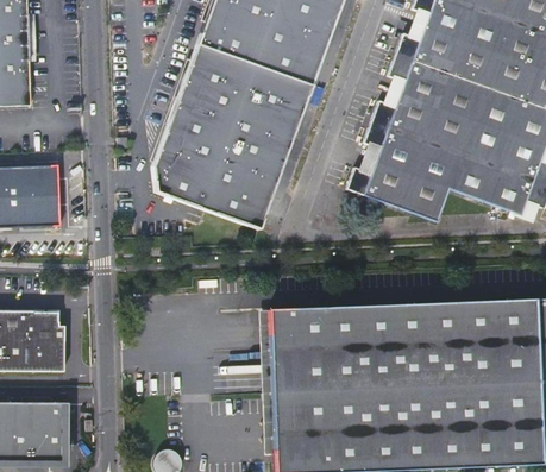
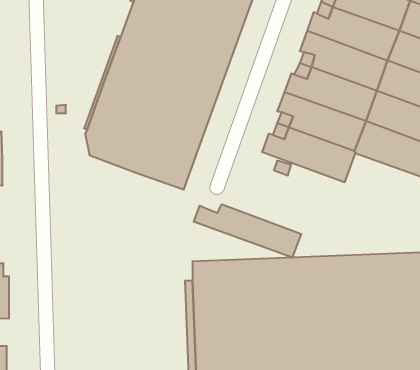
building: none -> [194,204,301,258]

